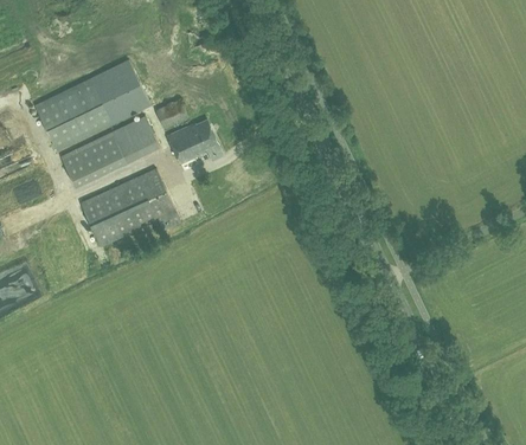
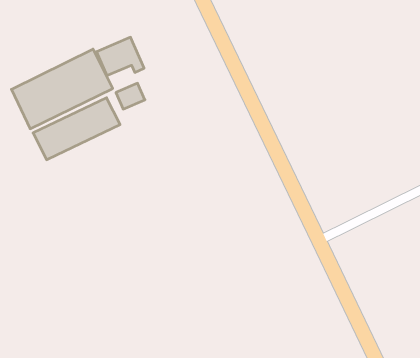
building: [167,118,222,162] -> [96,37,144,76]
building: [79,168,180,246] -> none

